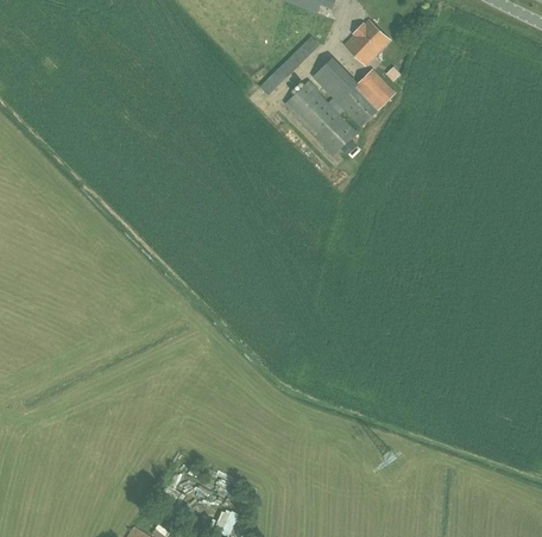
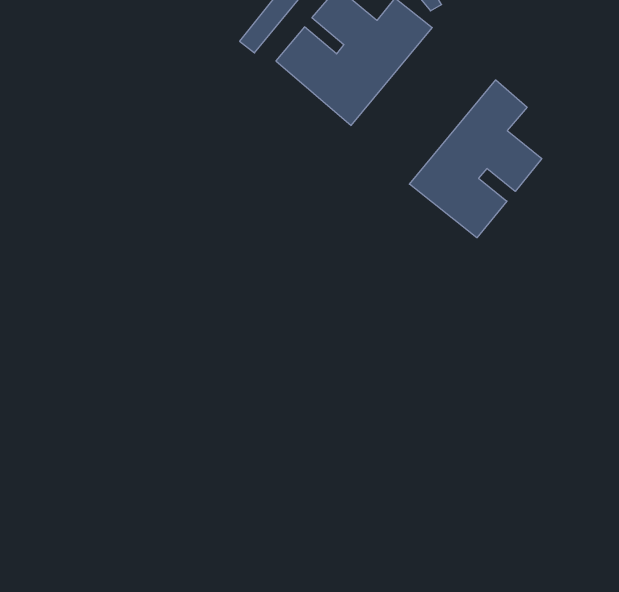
building: none -> [409,80,542,238]

